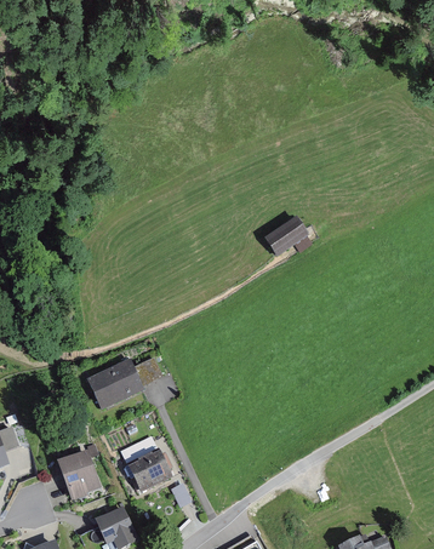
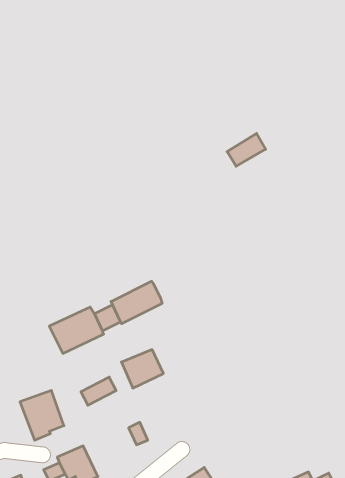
building: [273,216,314,251] -> [227,133,266,166]
building: none -> [111,281,162,324]
building: [126,450,171,491] -> [121,350,163,388]

